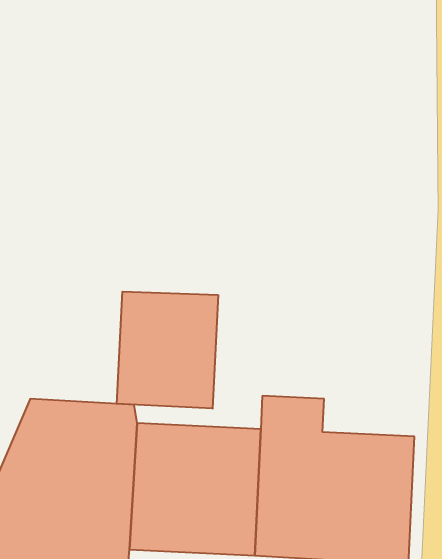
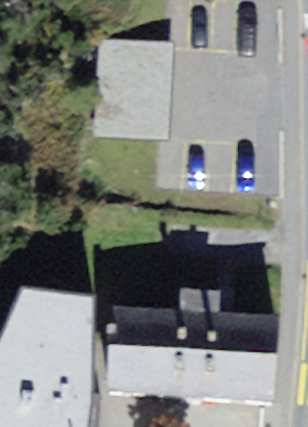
building: none -> [100,53,172,146]
building: [117,292,218,409] -> none

